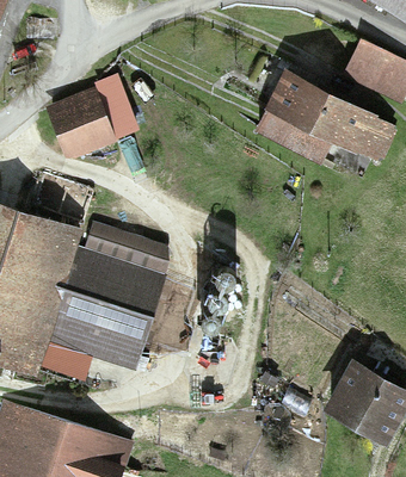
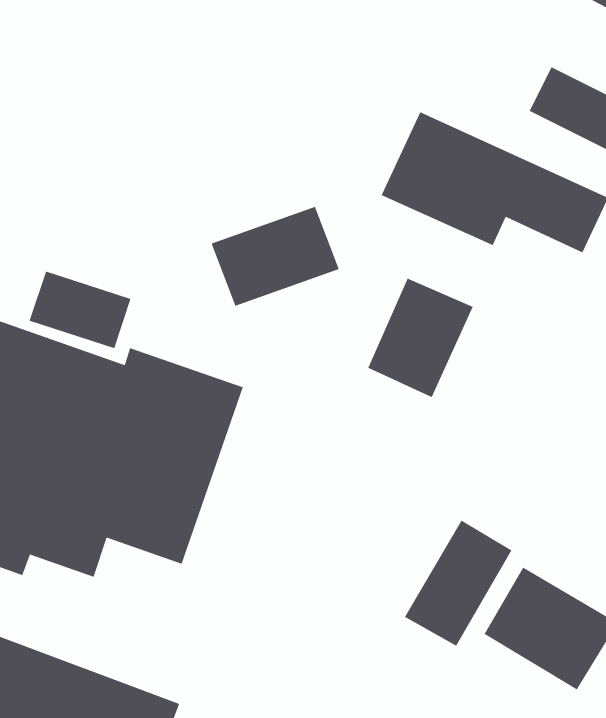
building: [51,86,134,150] -> [211,206,340,307]
building: none -> [367,277,474,398]
building: none -> [404,520,513,647]

